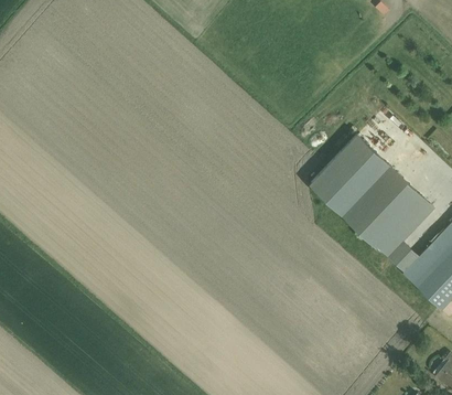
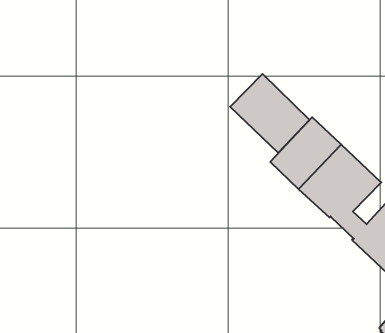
building: none -> [230,74,309,153]

